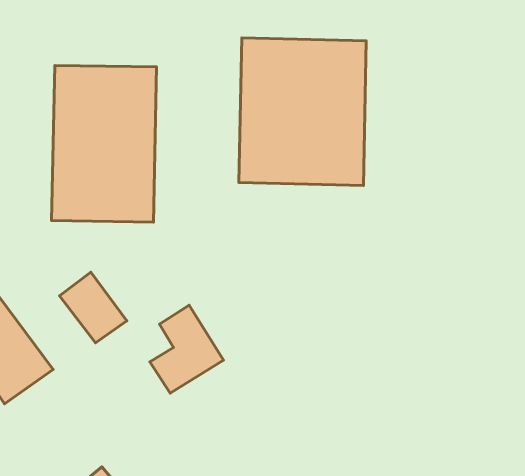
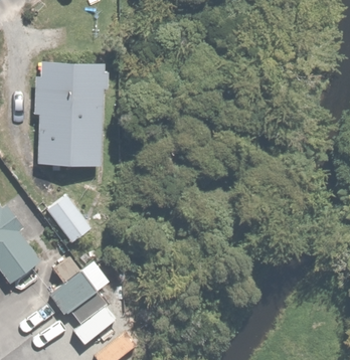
building: [239,38,366,185] -> none
building: [150,305,224,393] -> [51,256,99,313]

